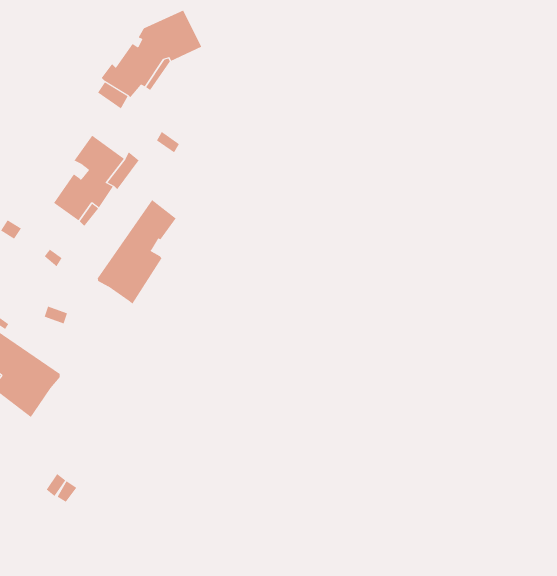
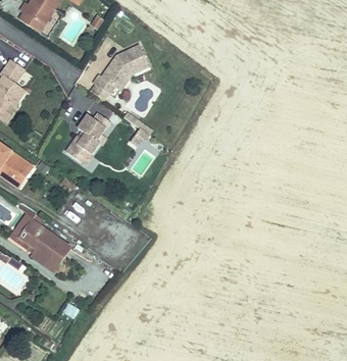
building: [97,199,177,305] -> none

